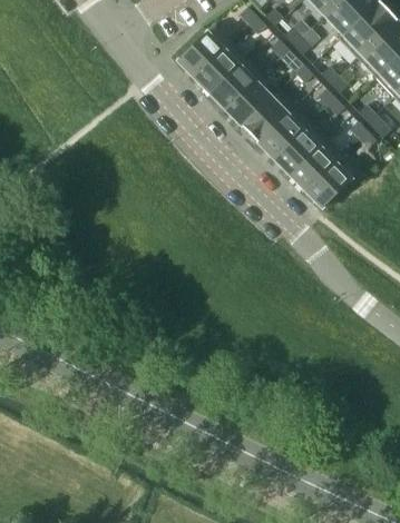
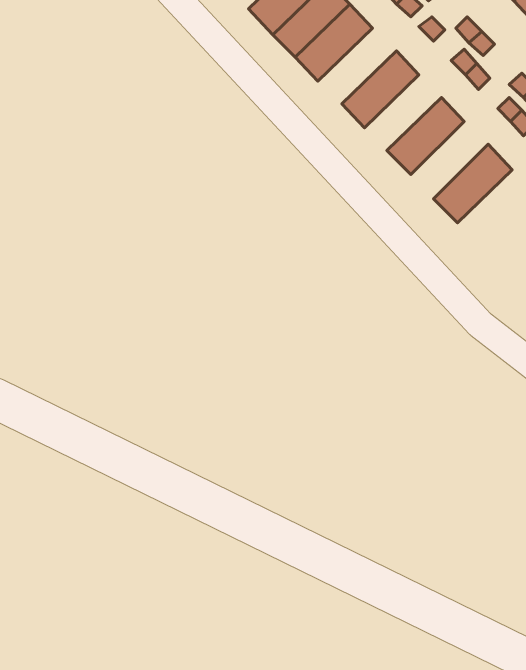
building: [225,73,280,126] -> none
building: [257,106,311,158] -> none
building: [290,138,343,191] -> none

